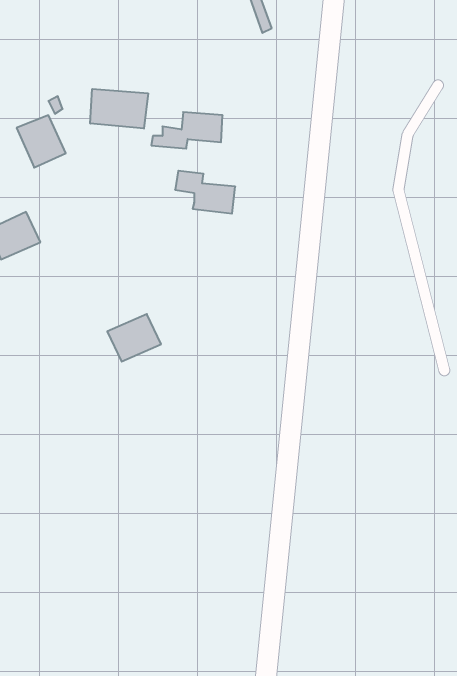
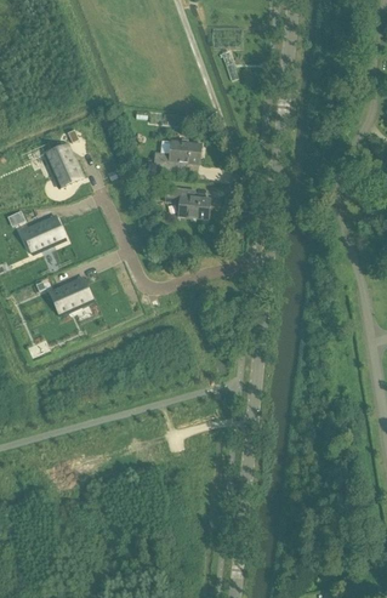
building: [90,89,148,129] -> none
building: [107,314,161,362] -> [51,278,92,314]

